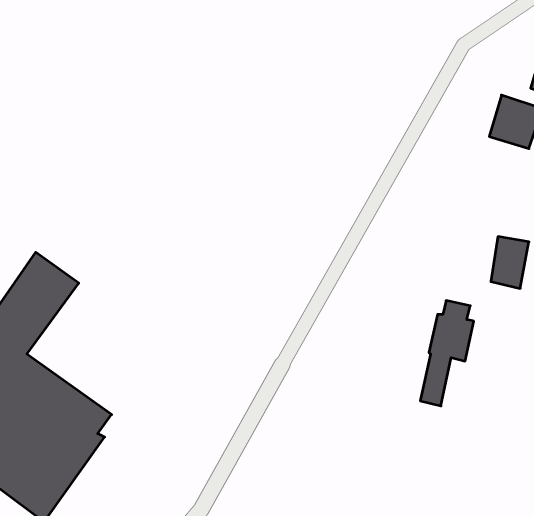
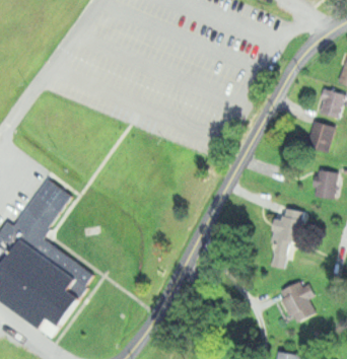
building: none -> [303,121,332,150]
building: none -> [278,281,315,322]

